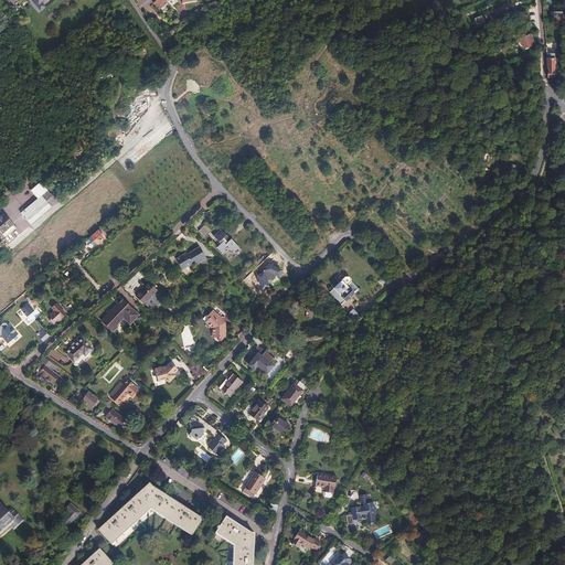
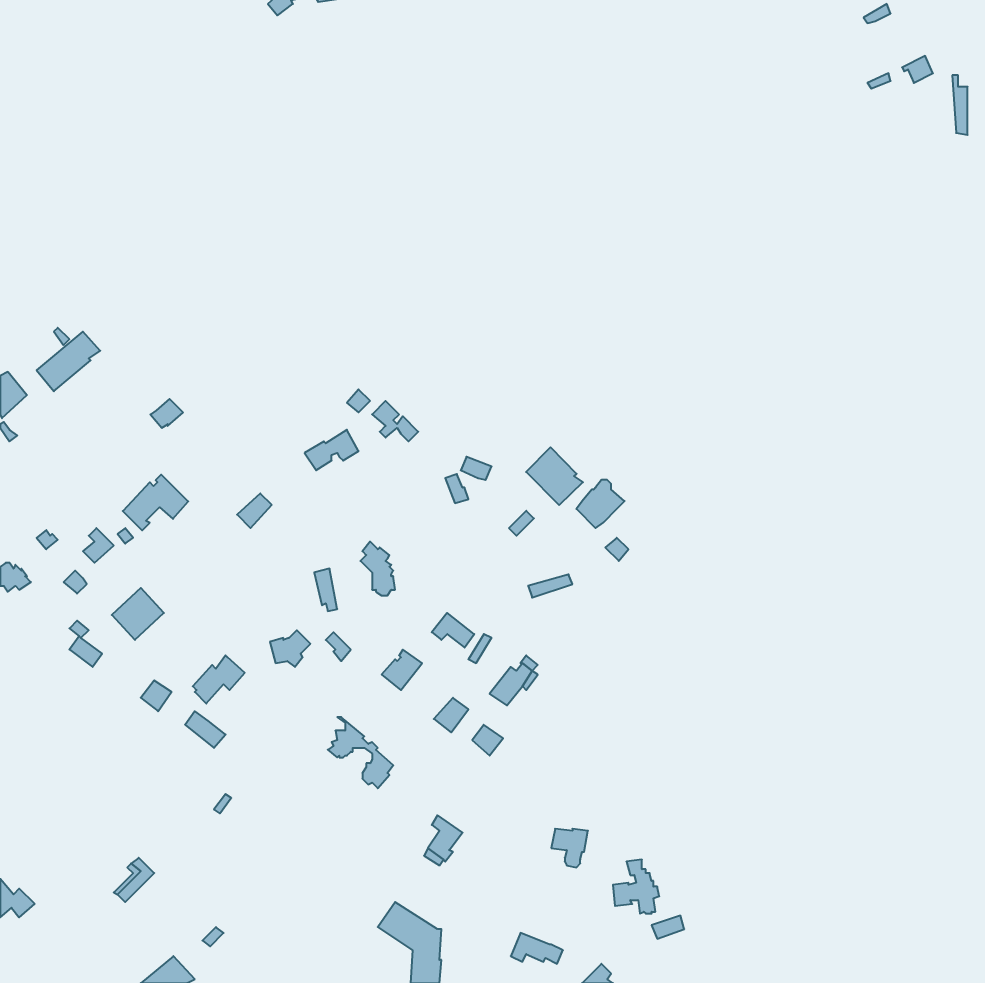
building: none -> [526,447,583,505]
building: [100,299,138,331] -> [123,475,188,530]
building: [98,483,202,541] -> none

